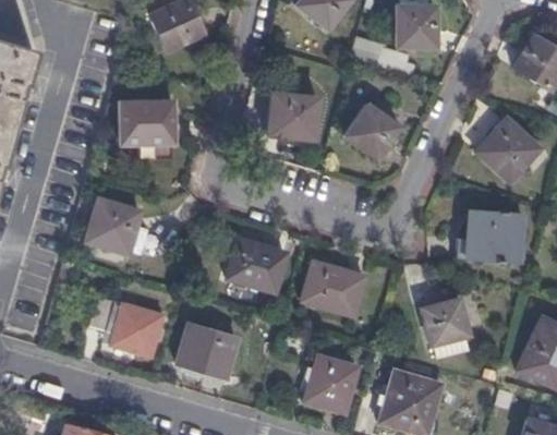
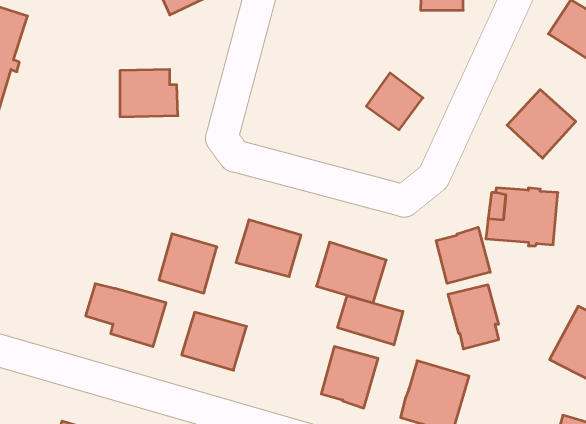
building: [268,94,318,140] -> none
building: [86,200,140,254] -> [159,234,217,293]
building: none -> [436,227,490,283]
building: none -> [338,296,403,345]

